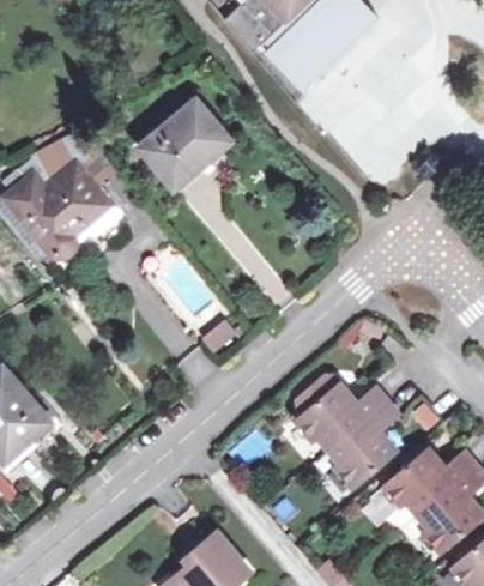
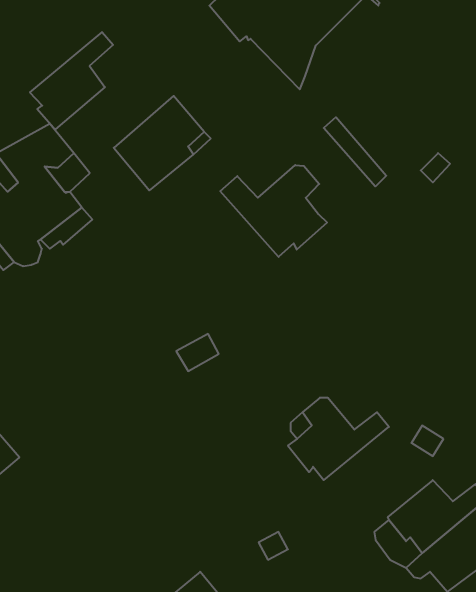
building: none -> [30,32,113,129]
building: none -> [220,165,327,257]
building: [329,400,399,485] -> none

